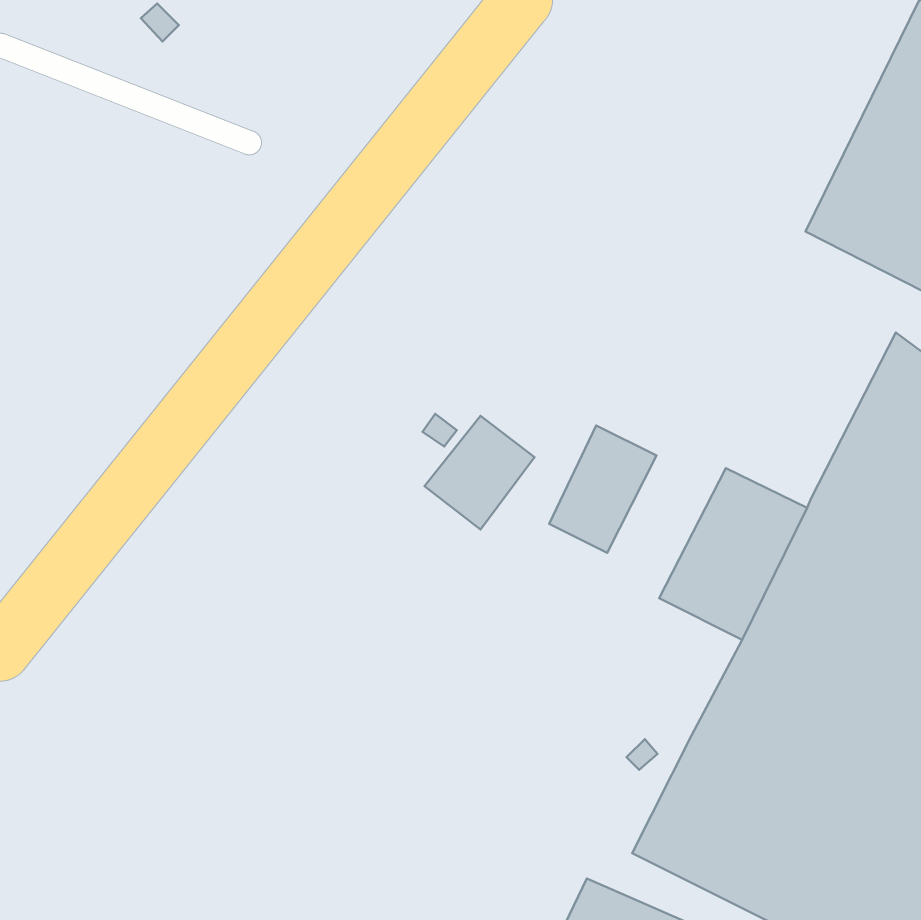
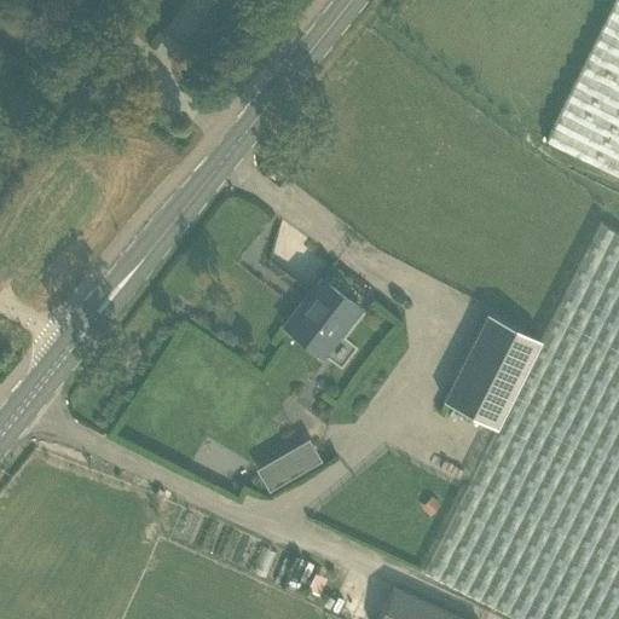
building: [549,426,656,553] -> none
building: none -> [255,440,320,492]

